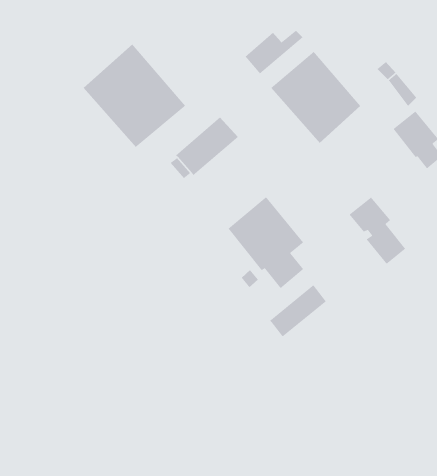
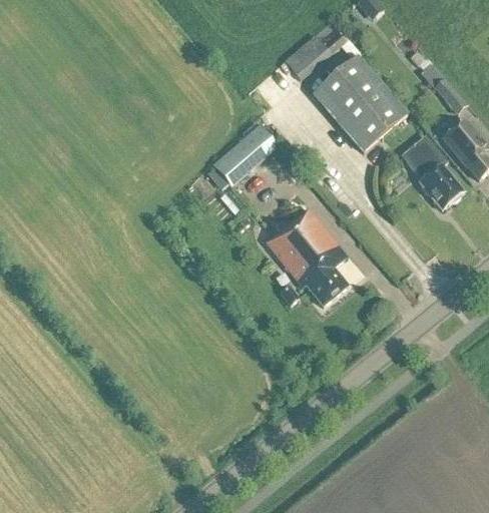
building: [83,44,186,148] -> none
building: [348,197,406,265] -> [402,135,463,207]
building: [269,284,327,338] -> none

